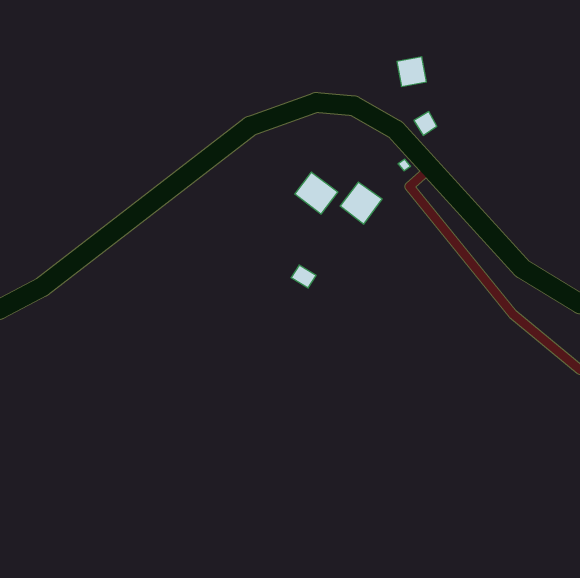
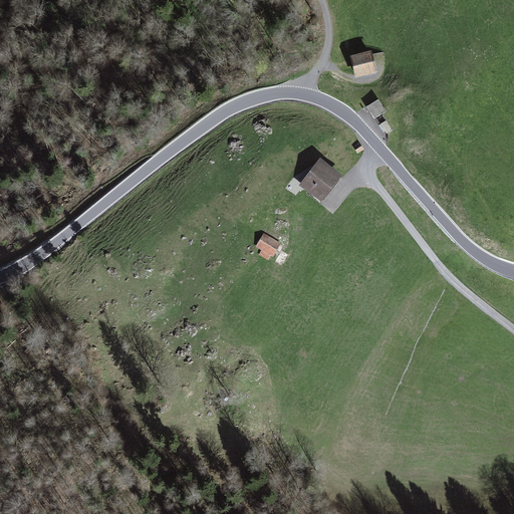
building: [295,172,338,214] -> none

